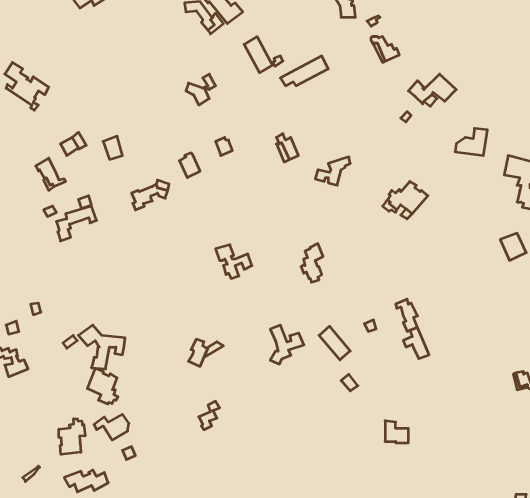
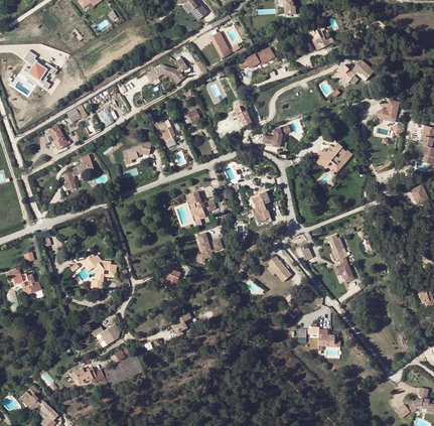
building: [270,325,304,364] -> [197,233,224,263]
building: [87,368,118,404] -> none
building: [59,419,85,454] -> none

